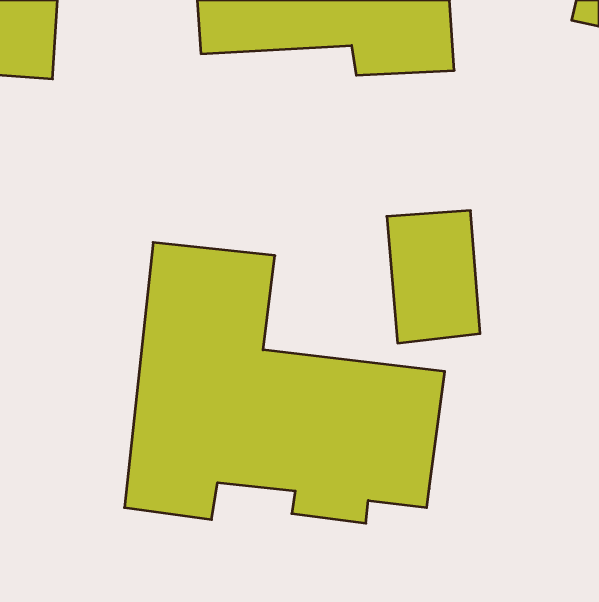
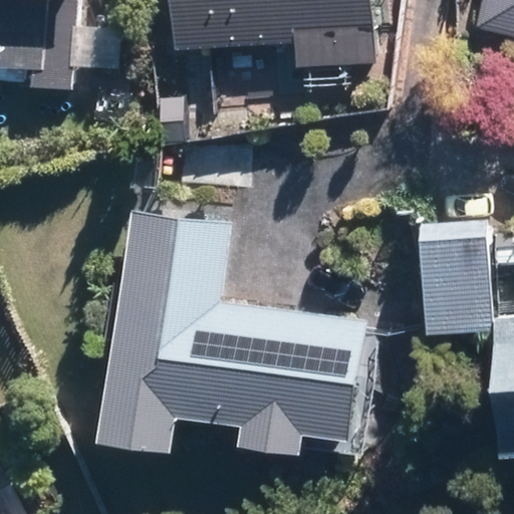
building: [387,211,480,343] -> [417,220,495,331]

